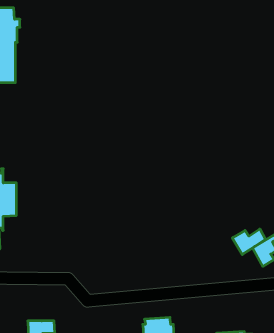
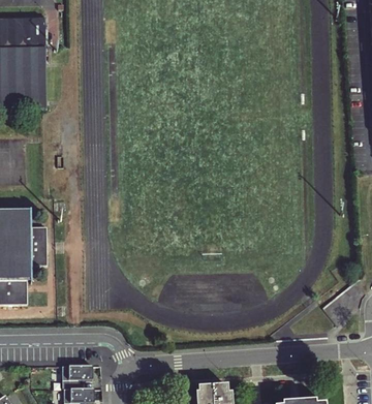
building: [232,229,266,255] -> none
building: none -> [60,364,91,387]

